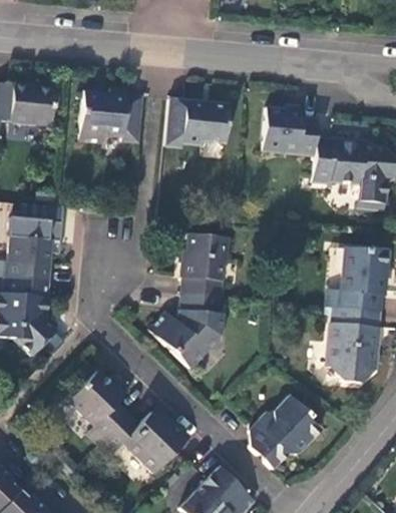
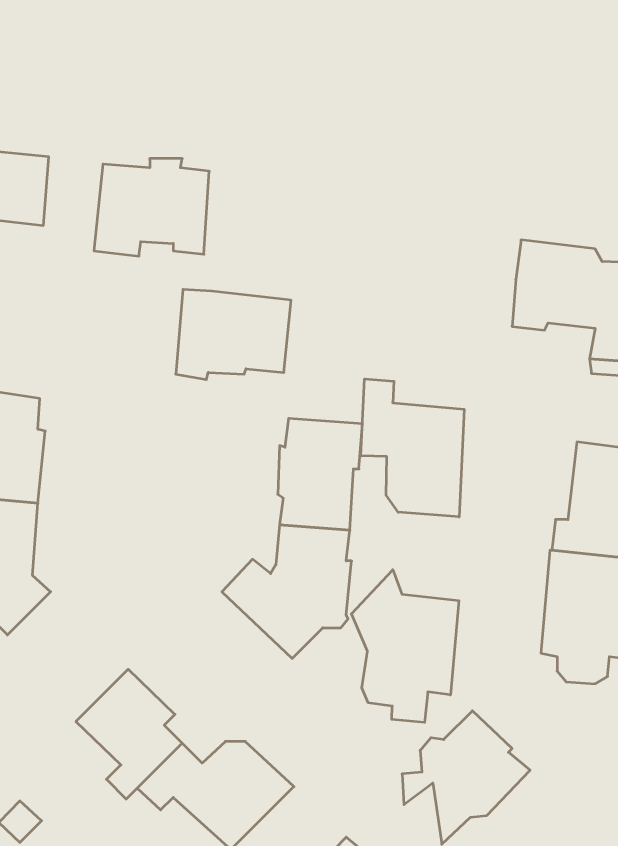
building: [165,97,230,147] -> [176,289,291,380]
building: [263,107,317,156] -> none
building: none -> [361,379,464,517]
building: none -> [351,570,459,722]

